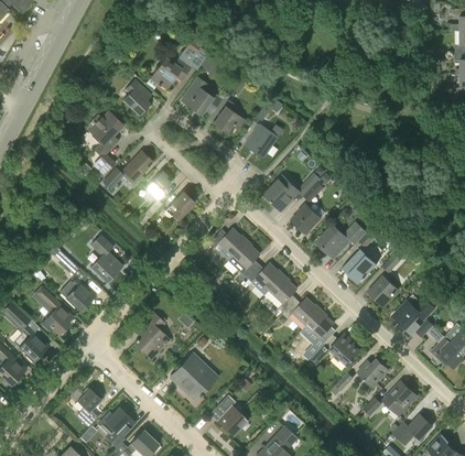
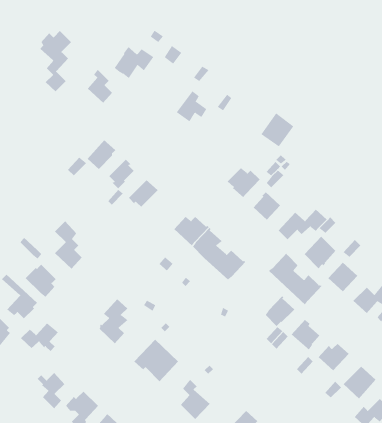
building: [185,77,220,115] -> none
building: [87,111,120,174] -> [39,30,72,92]
building: [244,123,278,159] -> [261,112,294,147]
building: [266,275,321,329] -> [268,252,322,305]
building: none -> [20,323,59,352]

